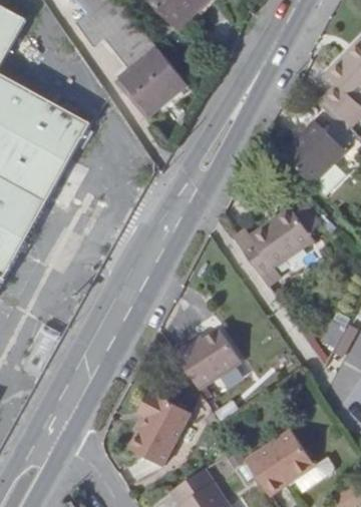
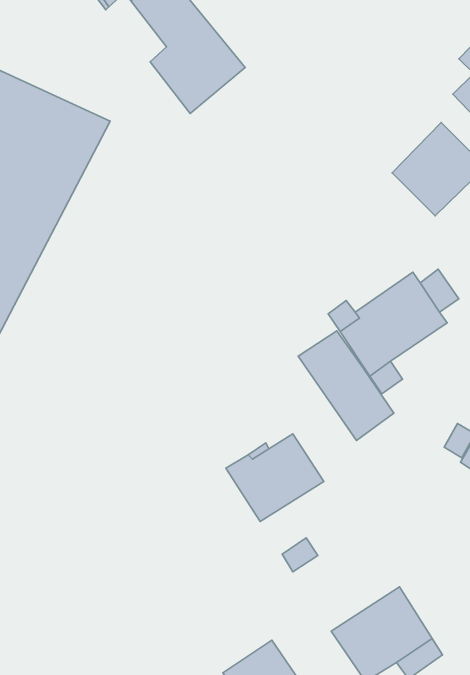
building: none -> [298,331,394,441]
building: [128,392,189,465] -> none

